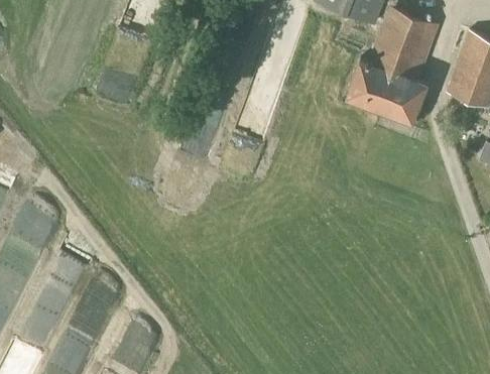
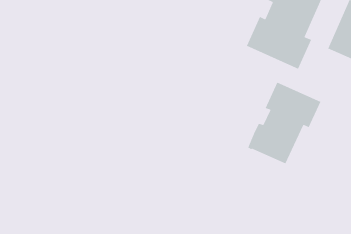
building: none -> [247,82,321,165]

